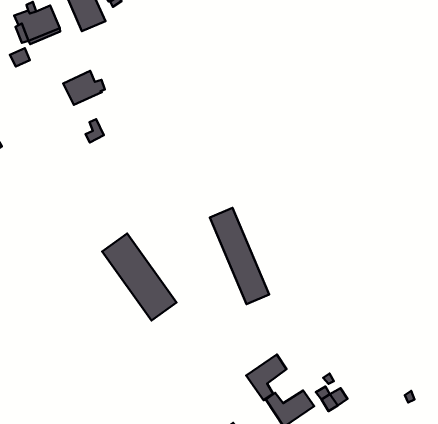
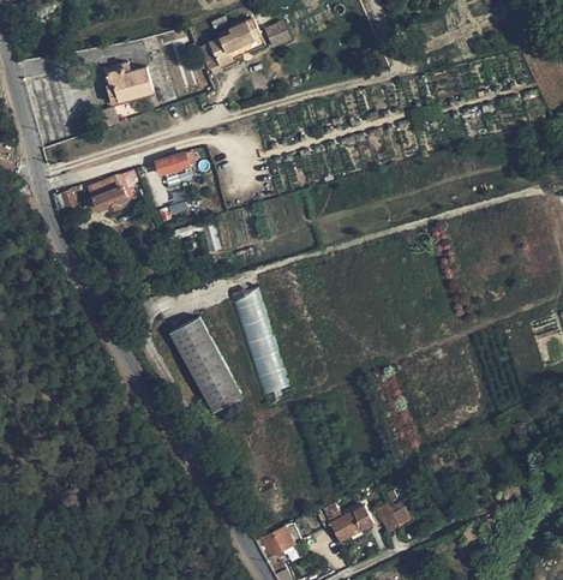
building: none -> [88,171,136,211]
building: [210,208,269,304] -> [234,292,287,395]
building: [246,355,286,400] -> none

